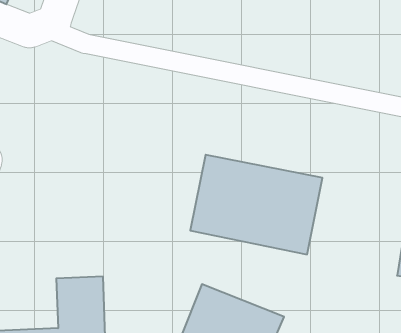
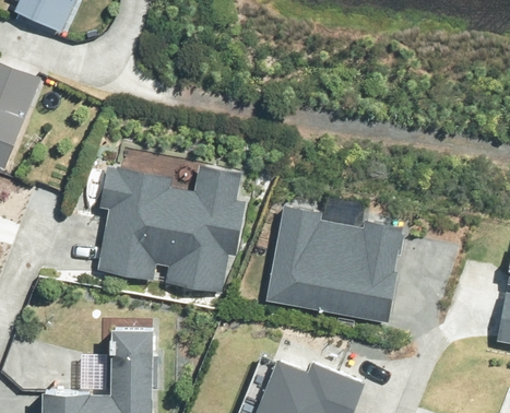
building: none -> [114,173,246,285]

